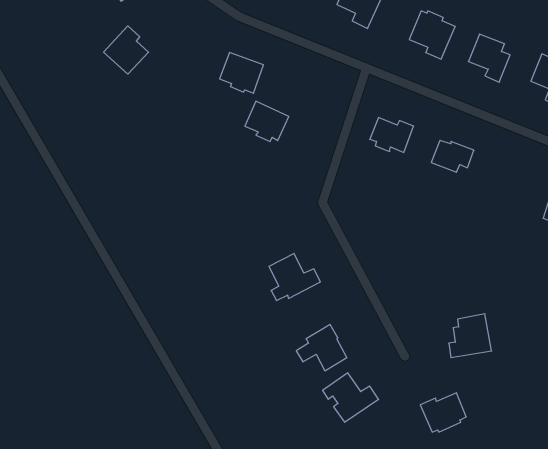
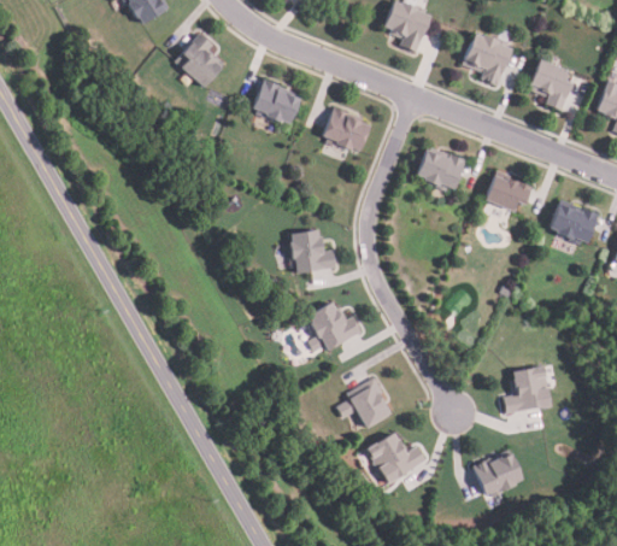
building: [104,26,149,74] -> [176,33,225,86]
building: [245,101,289,142] -> [323,106,371,151]
building: none -> [550,202,599,241]
building: none -> [290,227,337,274]

